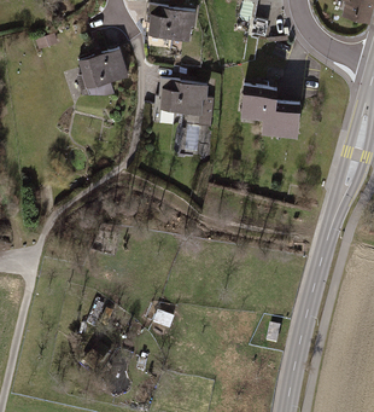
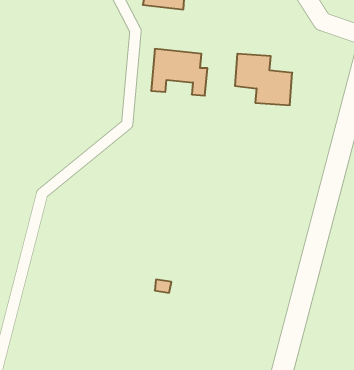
building: [78,48,128,94] -> none

